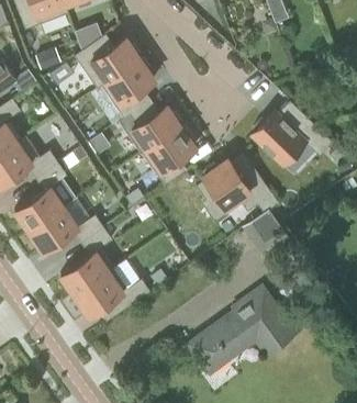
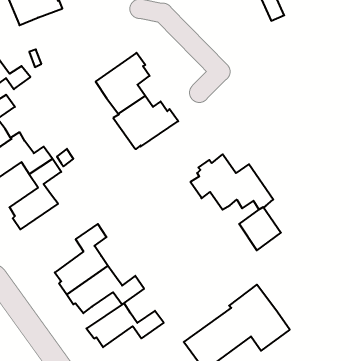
building: [75,34,142,89] -> none
building: [252,101,333,165] -> none
building: [142,125,196,186] -> none
building: [26,208,103,251] -> [86,303,164,347]

